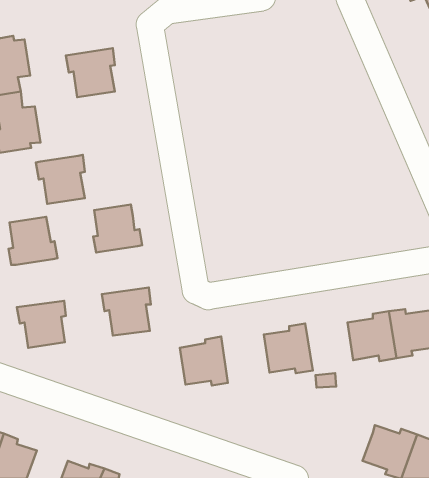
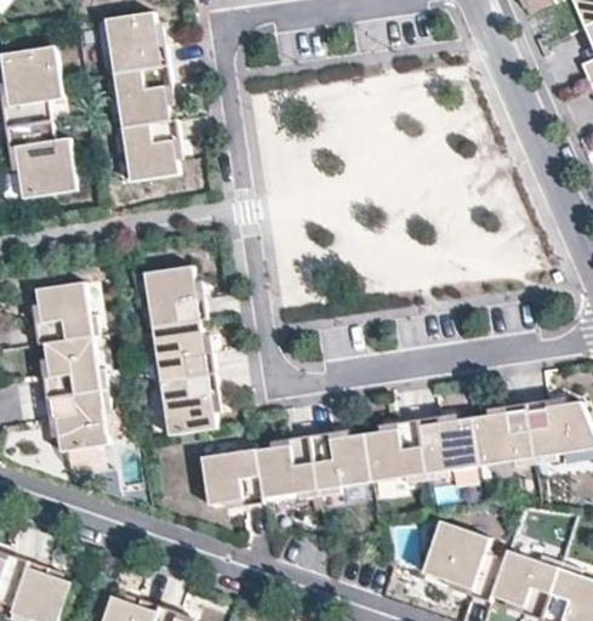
building: none -> [104,12,169,74]
building: [36,155,85,204] -> [116,119,179,182]
building: none -> [152,319,215,381]
building: none -> [42,336,106,398]
building: none -> [416,416,478,479]
building: none -> [308,432,370,495]
building: none -> [200,444,263,507]
building: none -> [421,522,503,602]

